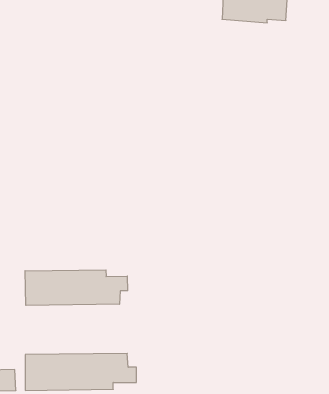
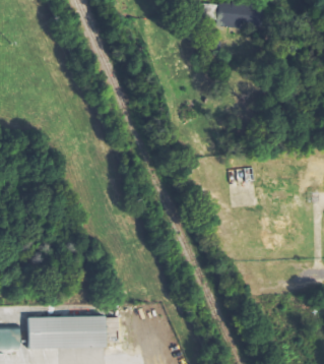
building: [25,270,128,305] -> none

